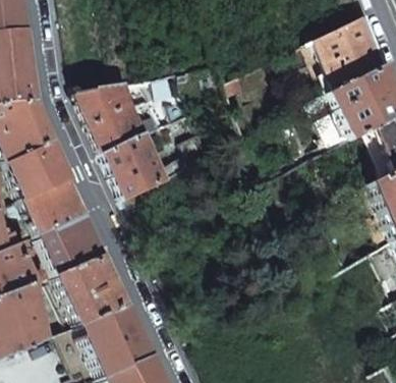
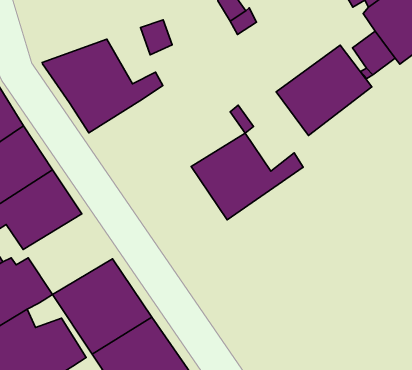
building: none -> [276,45,372,135]
building: [104,133,190,199] -> [191,133,303,220]
building: [39,215,107,274] -> none

